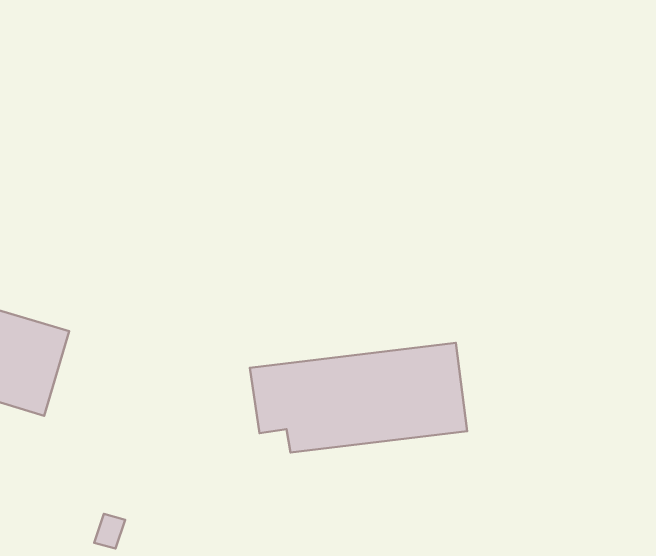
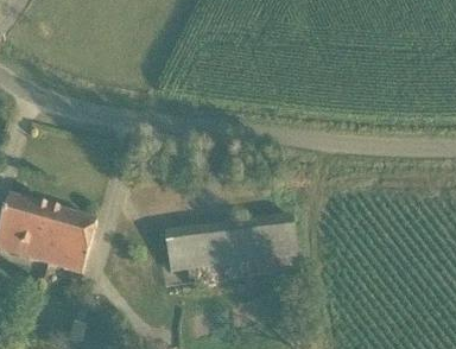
building: none -> [36,207,95,271]

